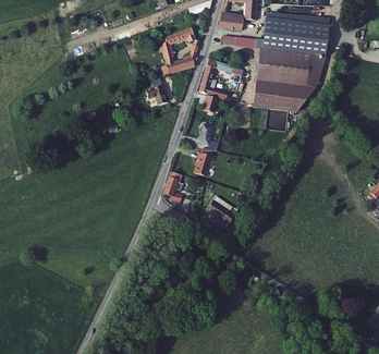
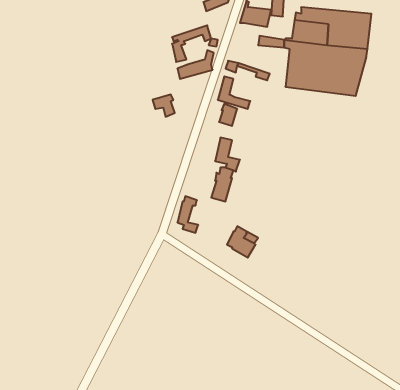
building: [252,81,314,113] -> none

